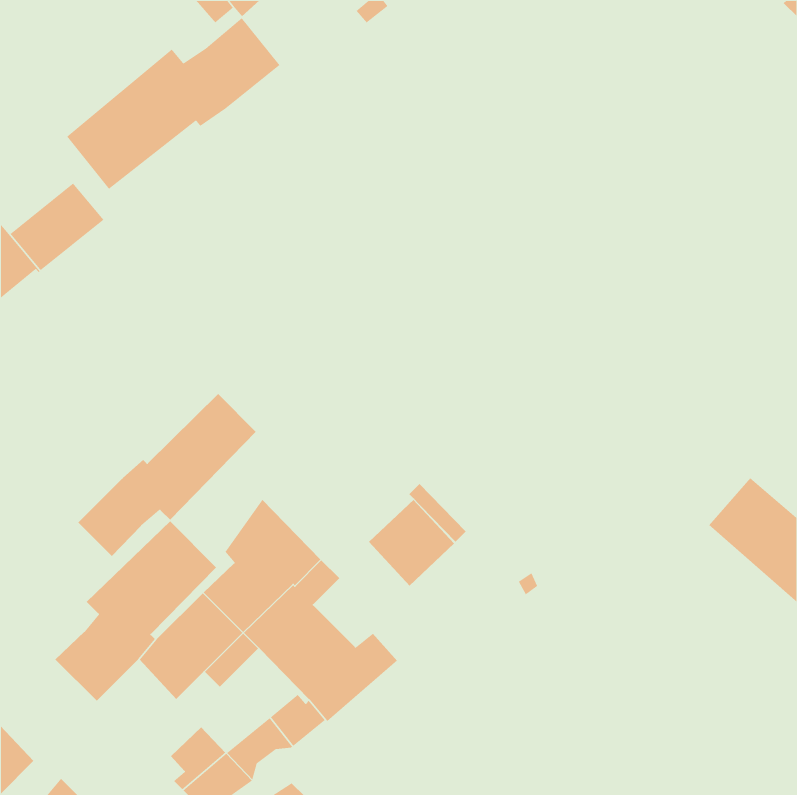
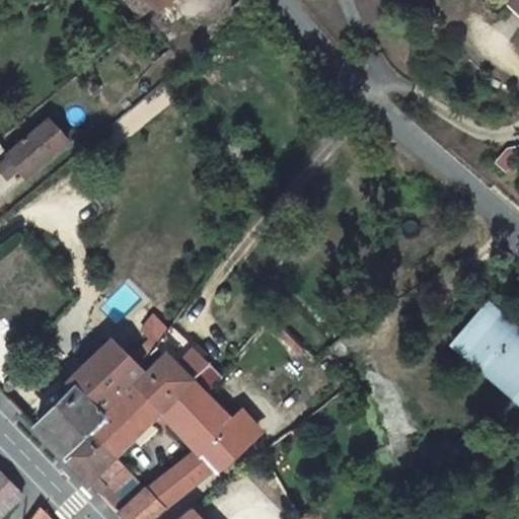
building: [66,17,280,190] -> none
building: [77,393,256,557] -> none
building: [368,499,455,587] -> none
building: none -> [63,430,125,495]

